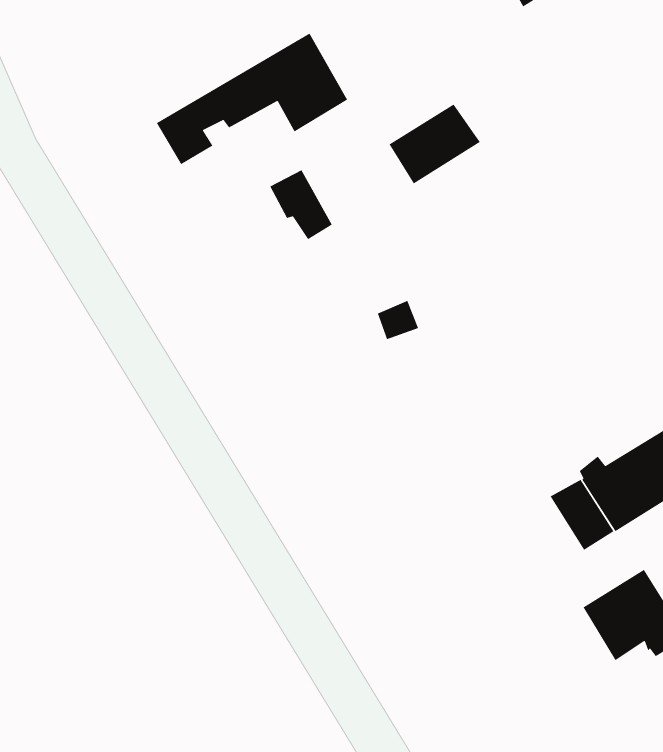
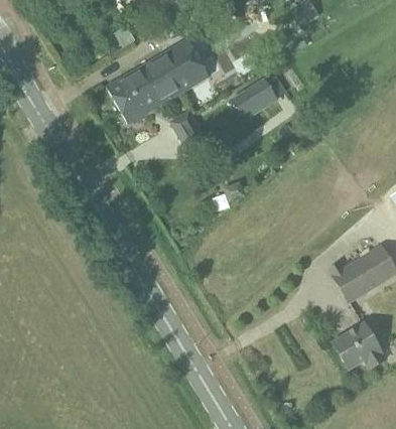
building: none -> [121,76,180,122]
building: [549,479,614,551] -> none

